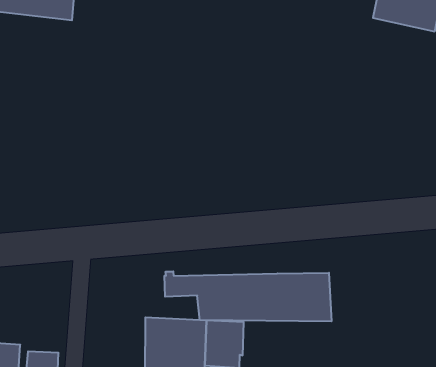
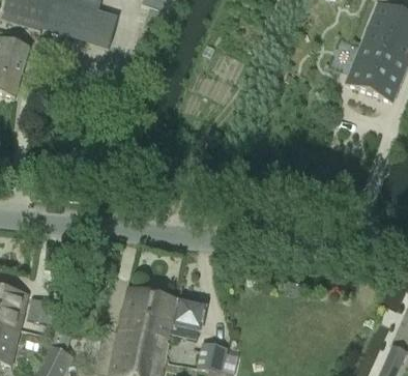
building: [165,271,331,321] -> none

